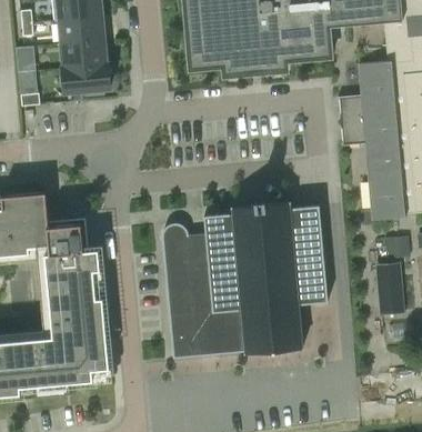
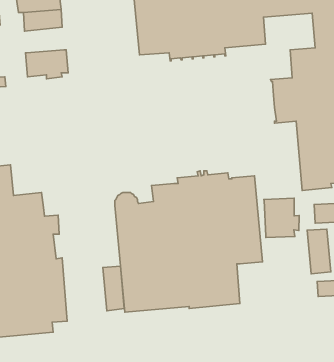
building: [61,38,105,67] -> none
building: none -> [264,198,299,238]
building: none -> [103,266,124,311]

